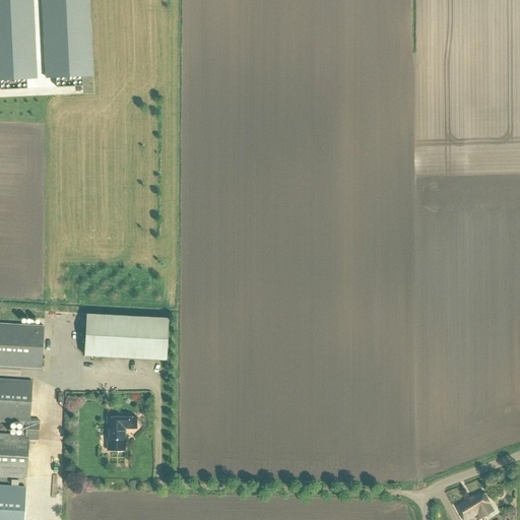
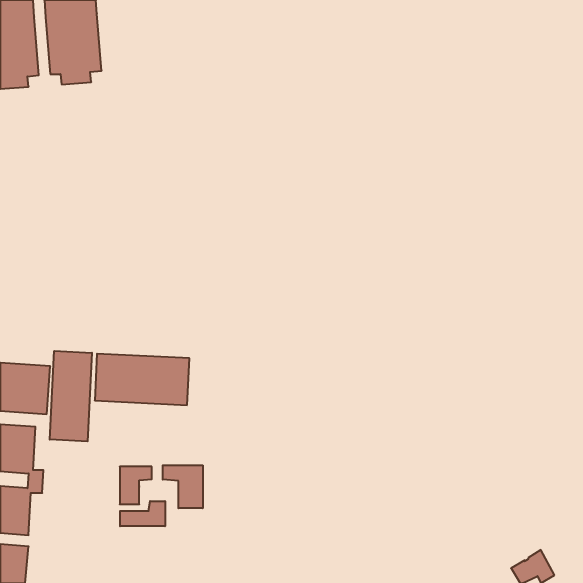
building: none -> [50,351,92,441]
building: none -> [163,465,203,508]
building: none -> [120,501,165,526]

